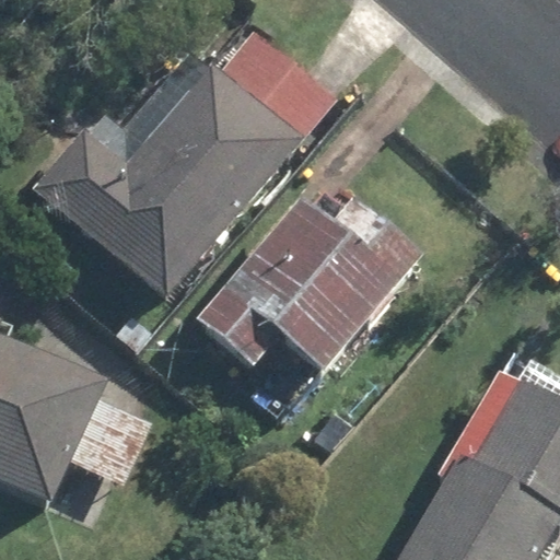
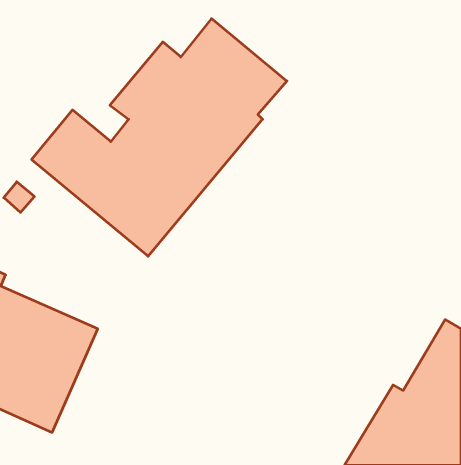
building: [201,196,432,370] -> none

